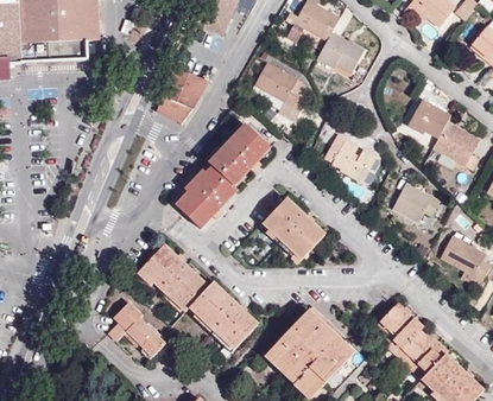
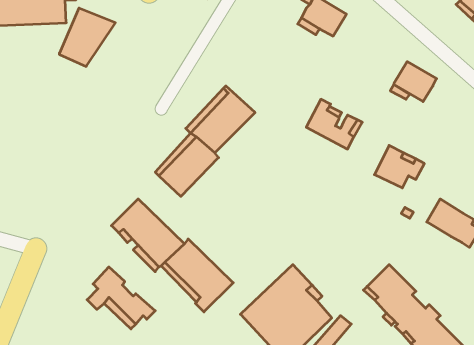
building: [255,62,309,120] -> none
building: [156,68,210,125] -> [59,8,115,66]
building: [430,123,479,173] -> none
building: [255,187,321,254] -> none

